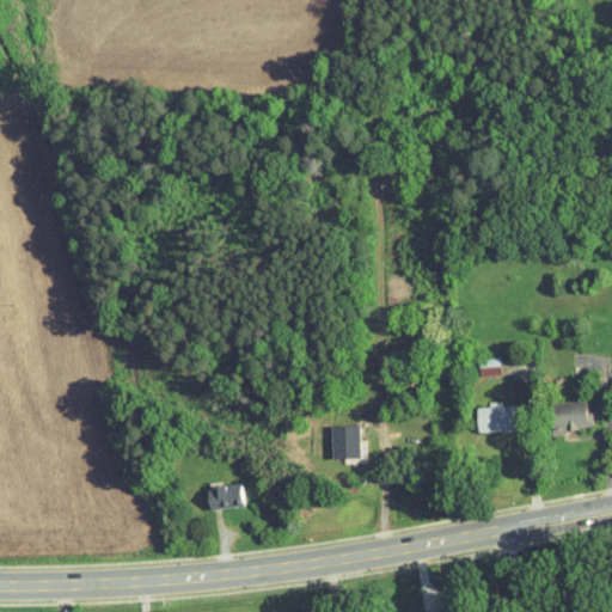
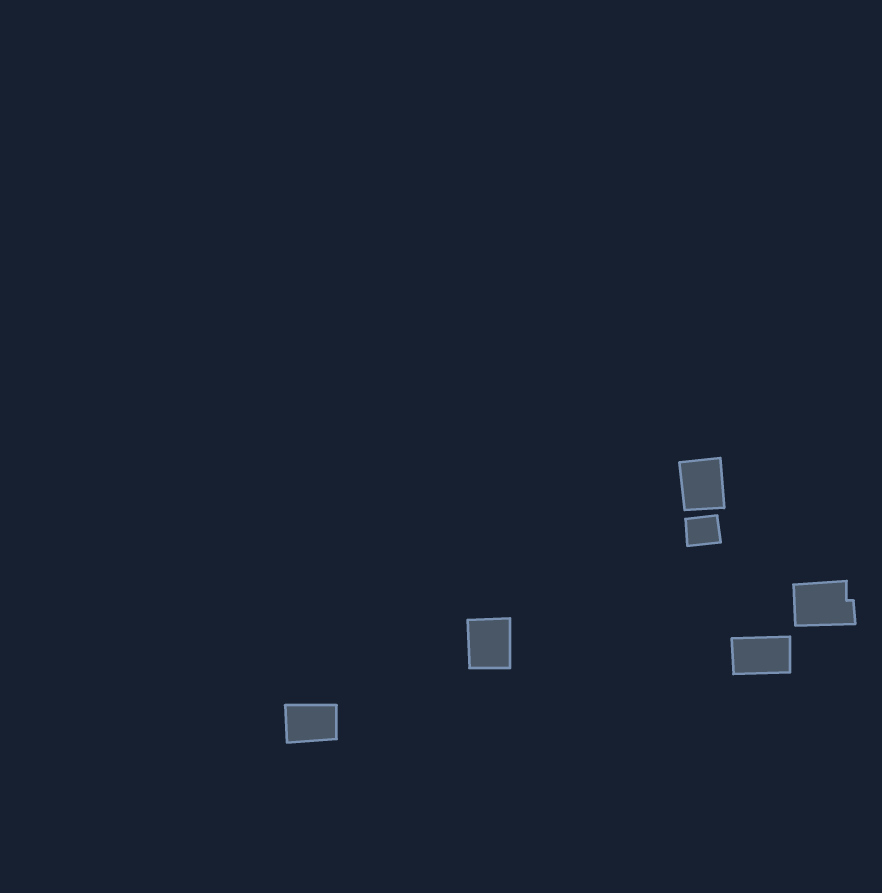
building: none -> [680,458,724,510]
building: [477,406,516,432] -> [732,637,790,674]

